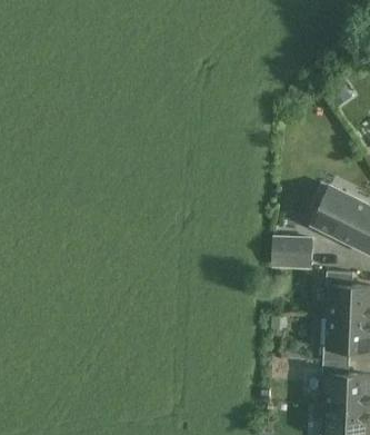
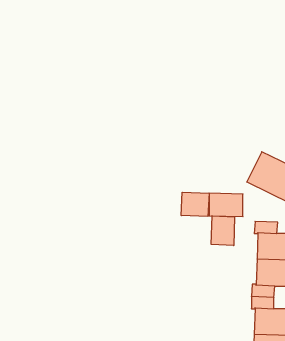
building: none -> [181,192,209,216]
building: none -> [211,216,234,246]

